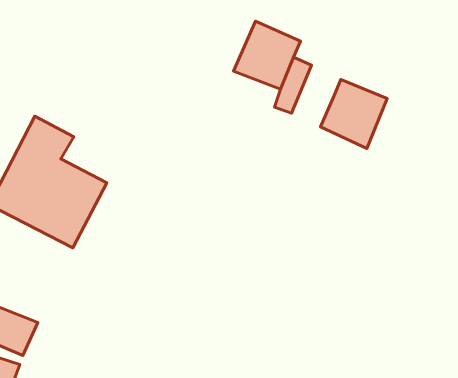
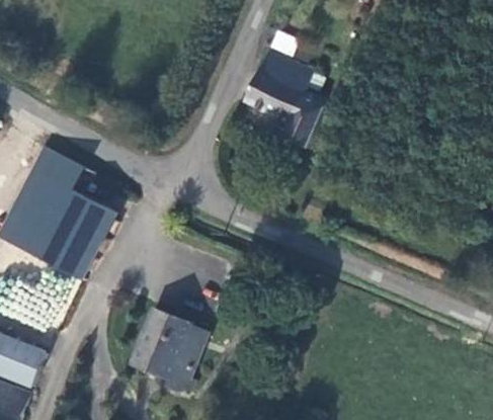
building: [320,80,387,148] -> none
building: none -> [135,307,207,393]

